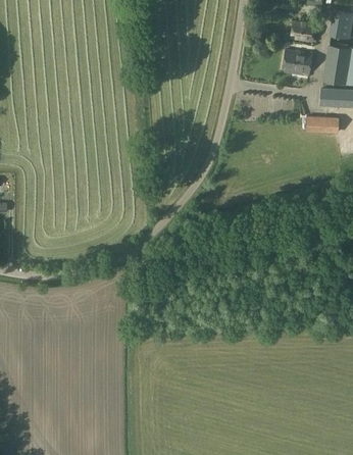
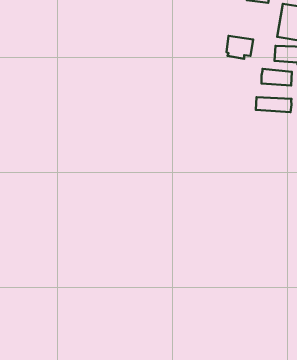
building: [283,50,312,75] -> [227,36,253,59]
building: none -> [256,97,292,112]

